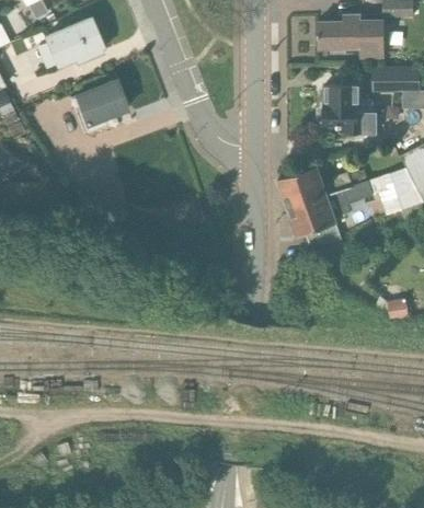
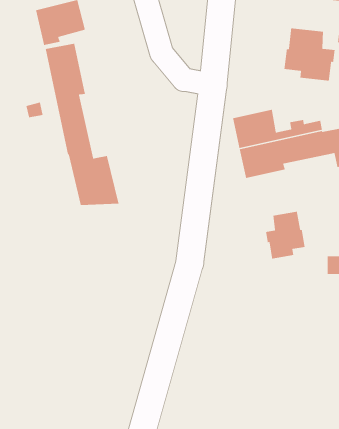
building: none -> [45,43,120,206]
building: none -> [265,211,306,259]

